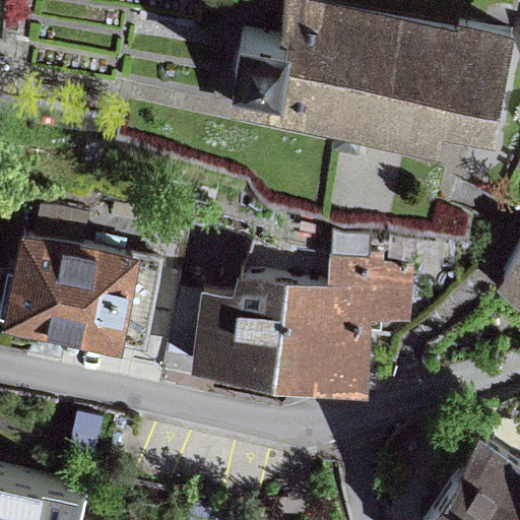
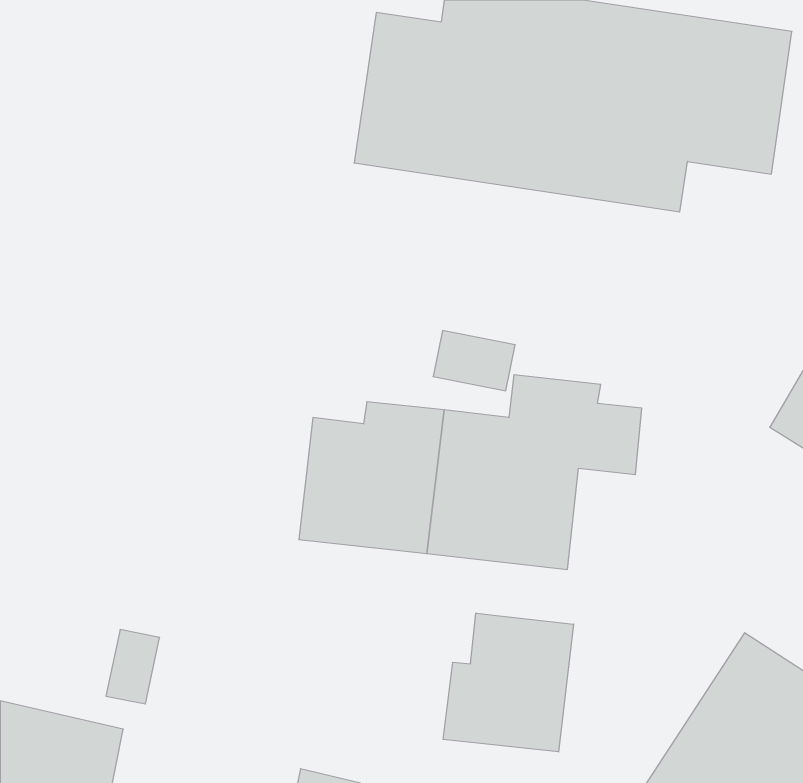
building: [7,211,172,344] -> none
building: none -> [443,613,574,752]

